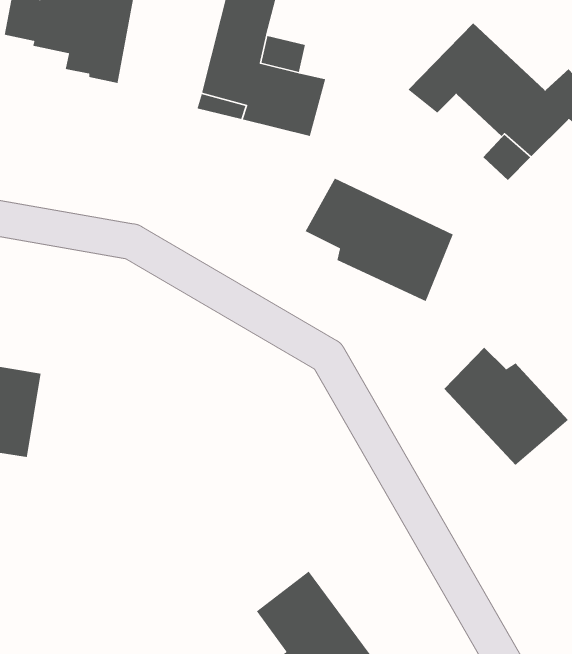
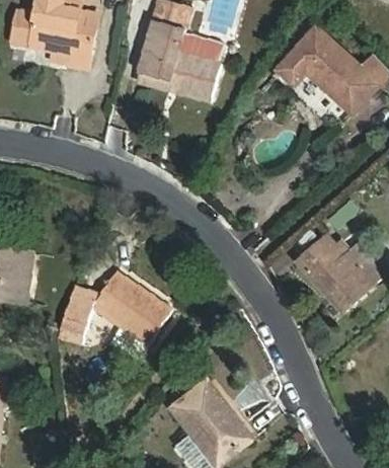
building: [305,177,454,302] -> none
building: none -> [58,271,173,346]

